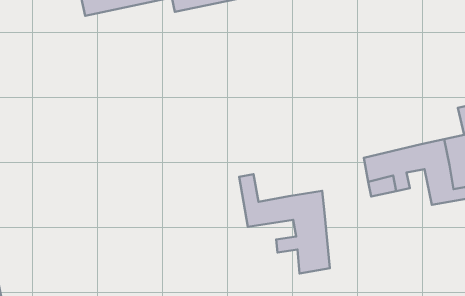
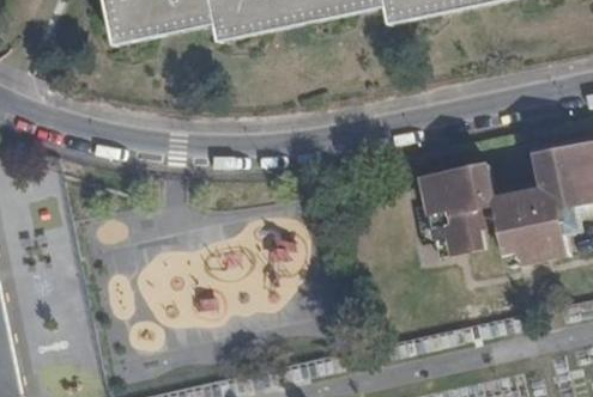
building: none -> [422,160,494,208]
building: [239,174,330,274] -> none

